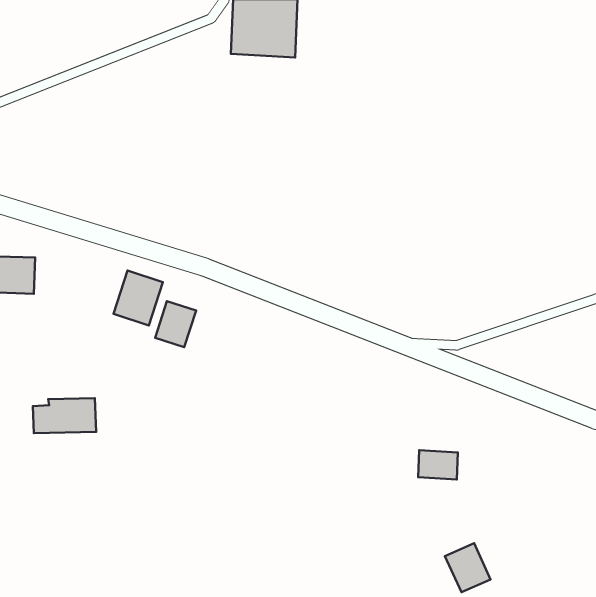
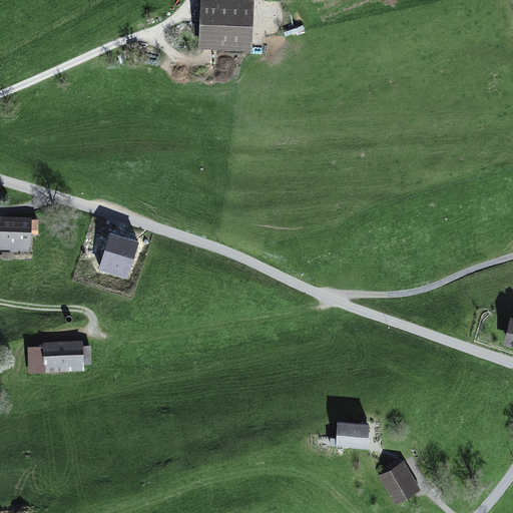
building: [155,301,196,347] -> none
building: [418,450,458,480] -> [339,422,373,447]

